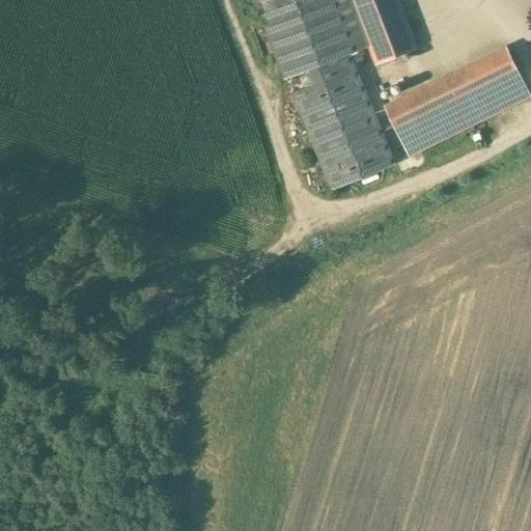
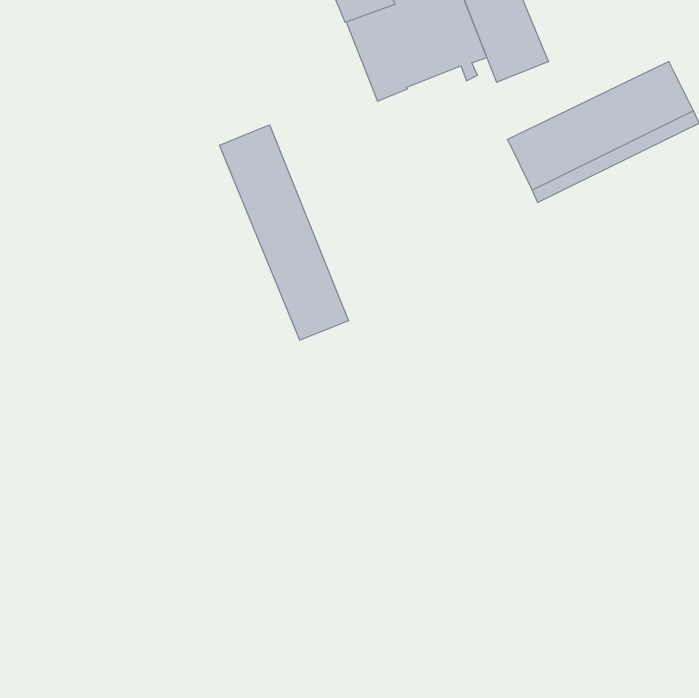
building: [292,65,395,189] -> none
building: none -> [220,125,349,340]

